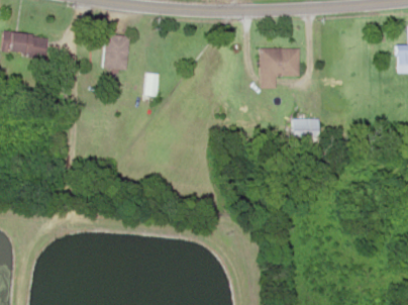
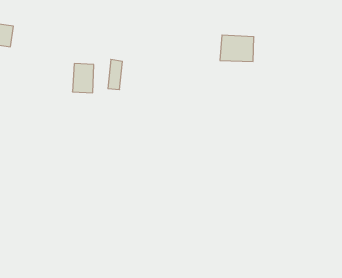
building: [105,34,127,65] -> [72,64,94,93]
building: [293,119,314,140] -> none

